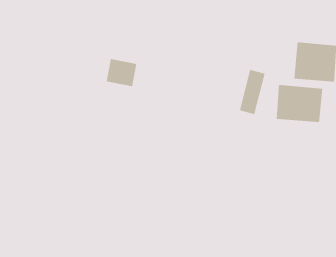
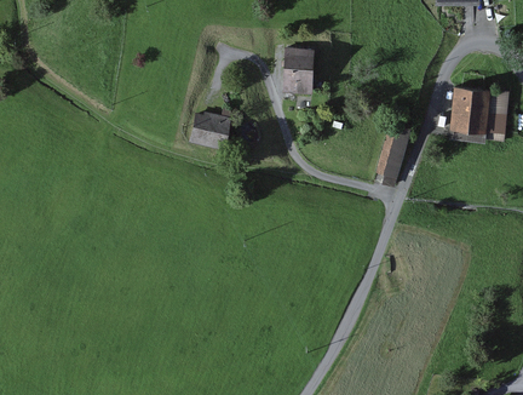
building: none -> [282,45,312,92]
building: [276,84,323,123] -> none

